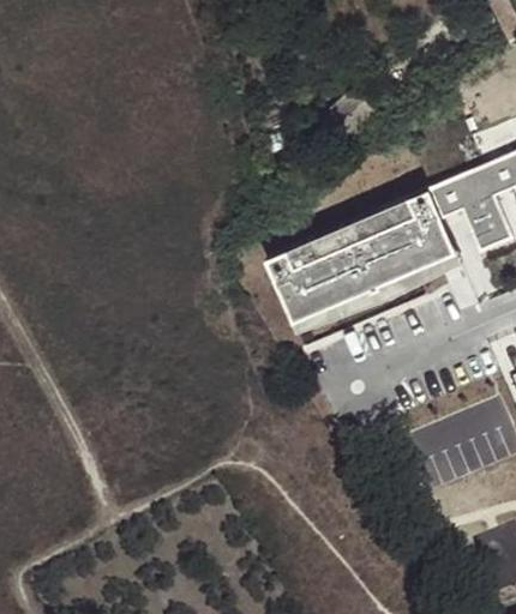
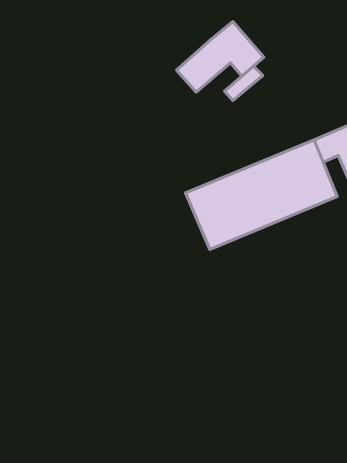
building: none -> [177,22,264,92]

